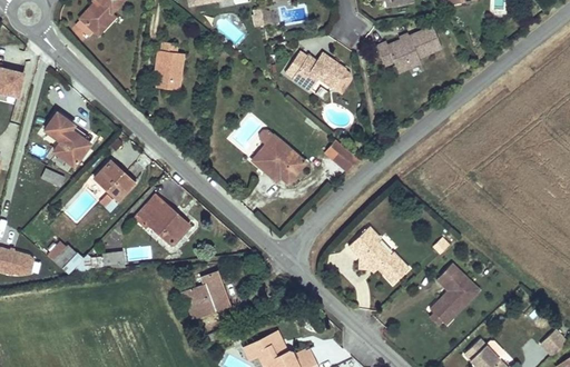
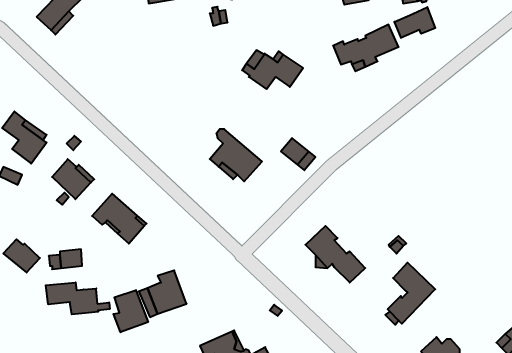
building: none -> [394,7,435,38]
building: [155,41,184,90] -> none
building: none -> [46,282,110,314]
building: none -> [113,290,148,332]

